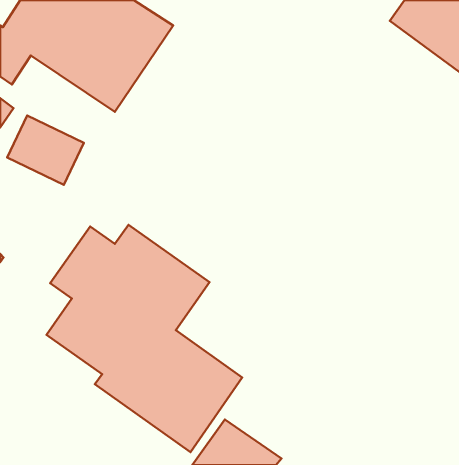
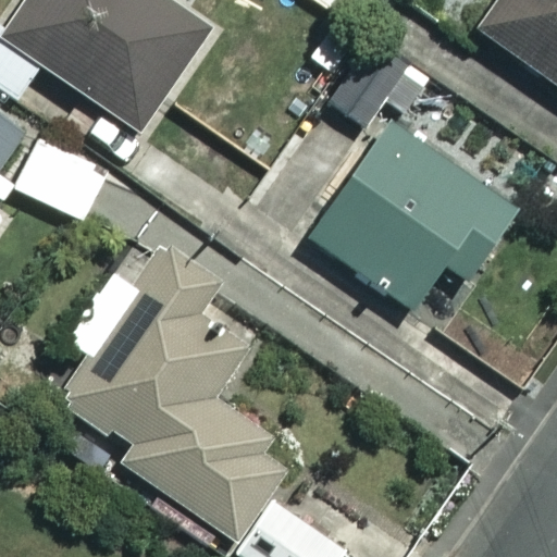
building: none -> [309,121,513,308]

